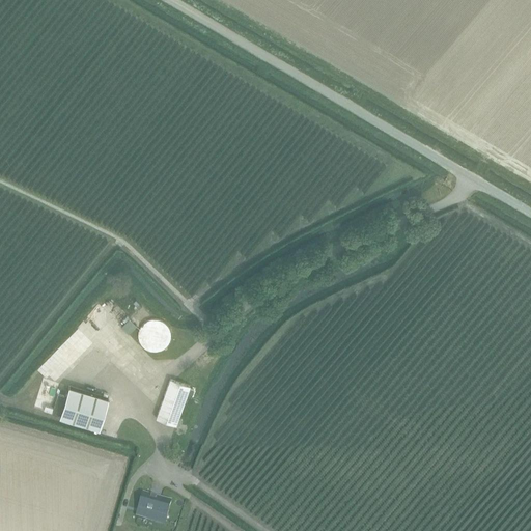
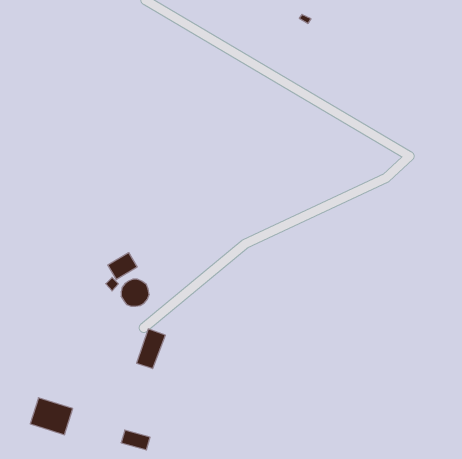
building: none -> [108,253,137,280]
building: [60,389,109,431] -> [30,398,73,435]

